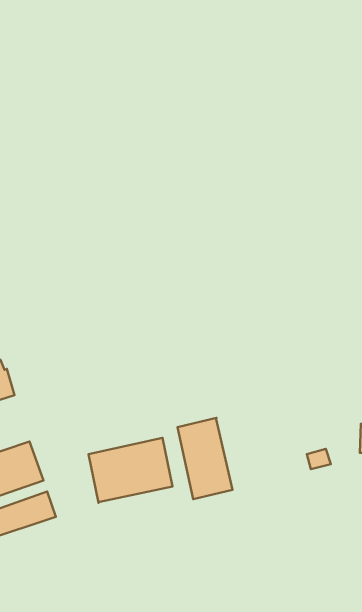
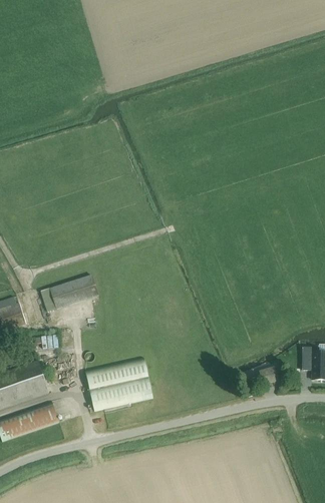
building: none -> [40,276,97,313]
building: [177,418,232,499] -> none

